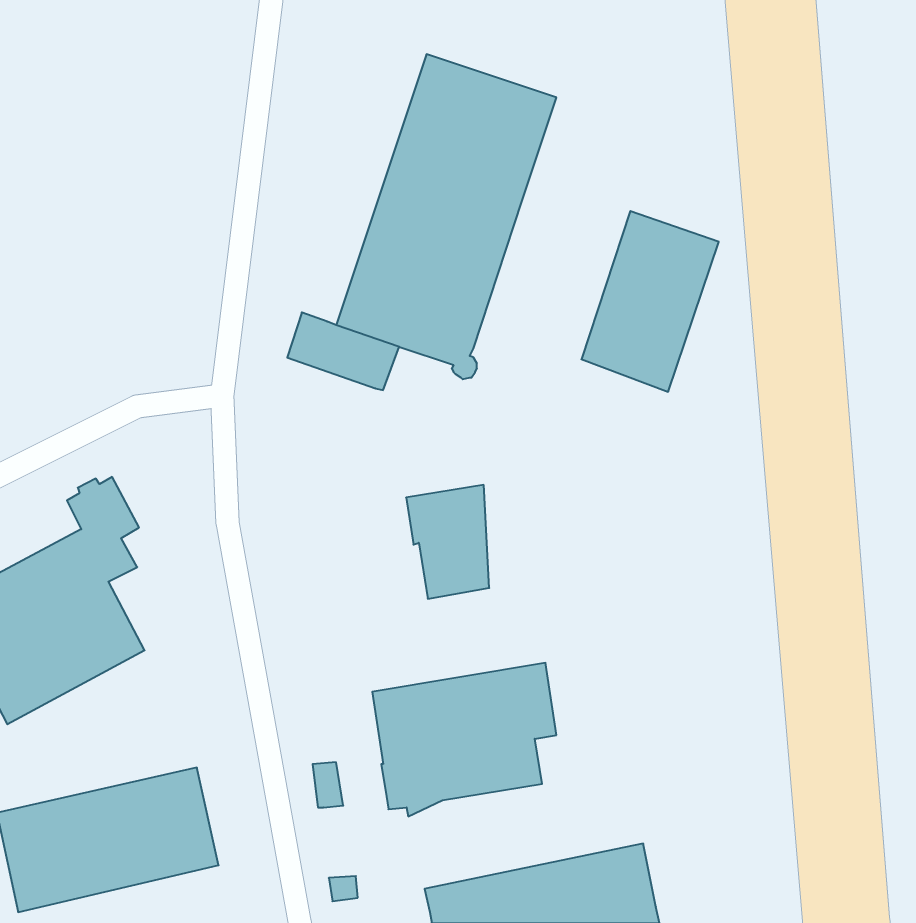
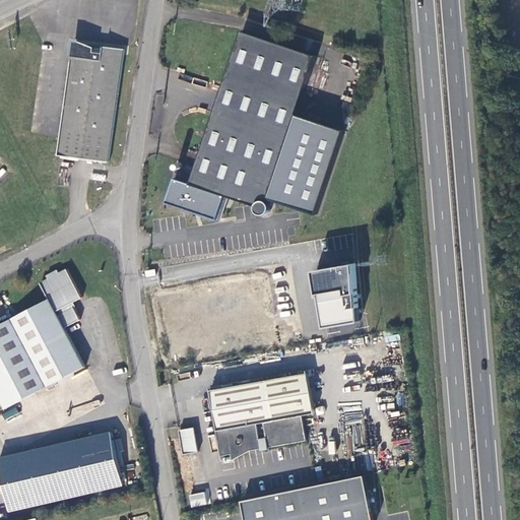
building: none -> [56,42,122,162]
building: [581,211,719,392] -> [266,113,343,214]
building: [406,485,489,599] -> [304,265,350,329]

